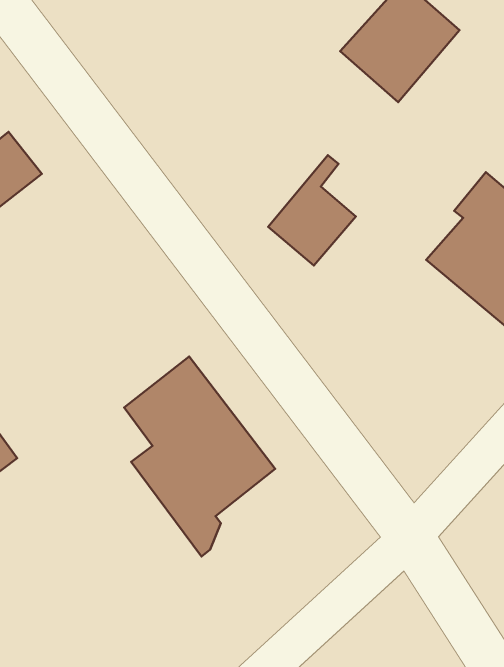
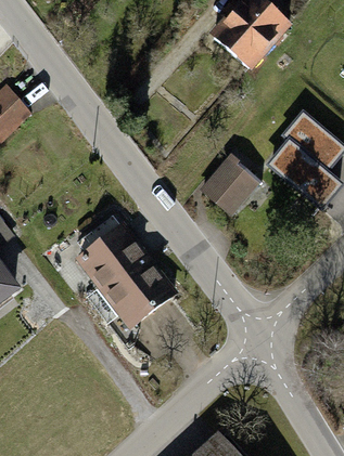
building: [268,155,356,266] -> [204,145,258,213]

